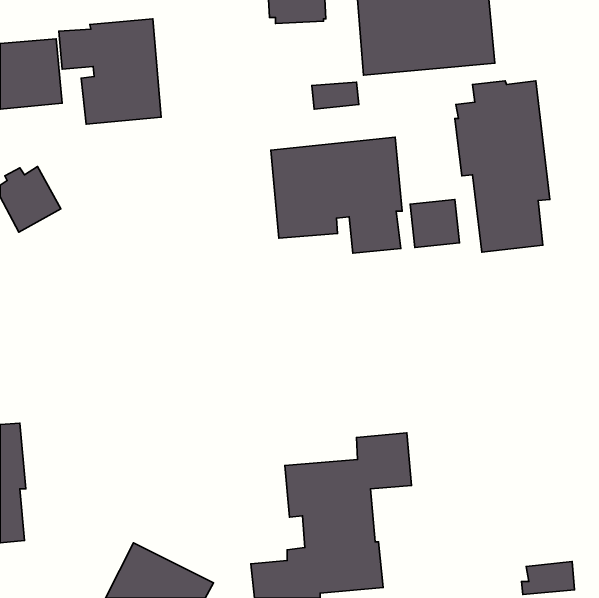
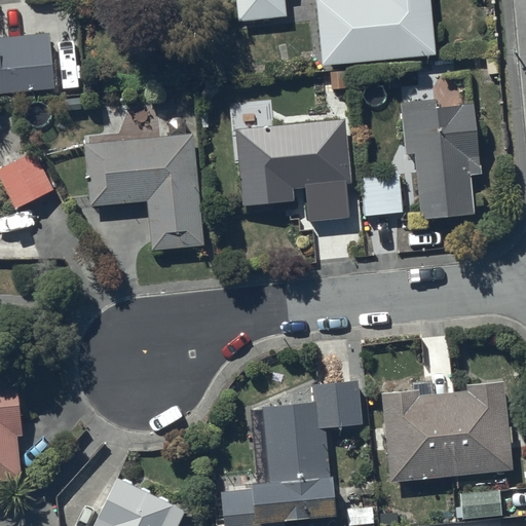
building: [59,19,161,124] -> none
building: none -> [84,135,204,250]
building: none -> [381,378,512,481]

